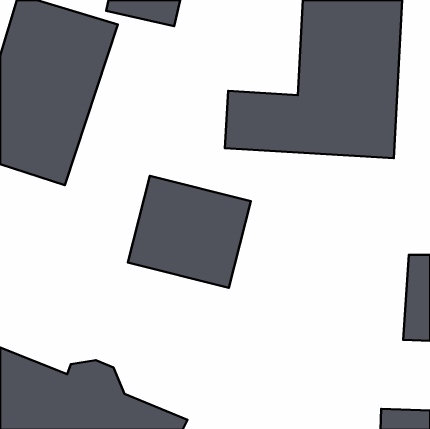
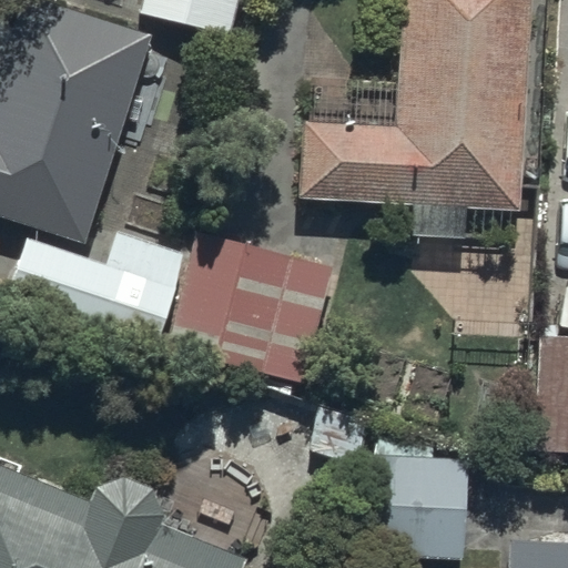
building: none -> [4,230,184,348]
building: none -> [365,453,469,559]

